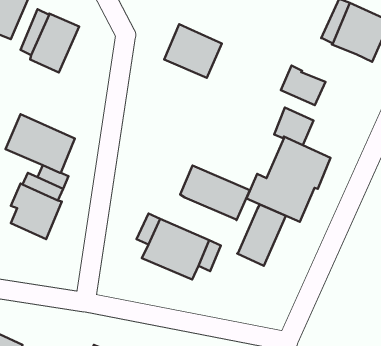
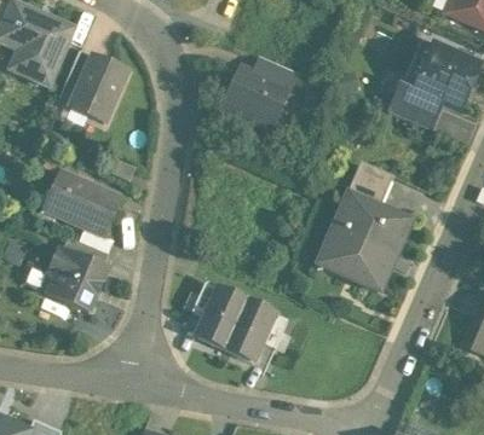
building: none -> [252,56,294,89]
building: [281,66,326,105] -> [388,83,439,128]
building: [180,165,250,220] -> none
building: [237,204,286,266] -> none

